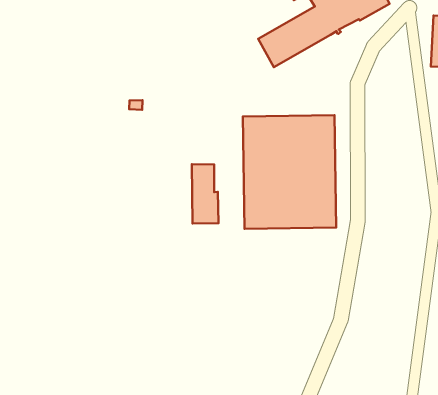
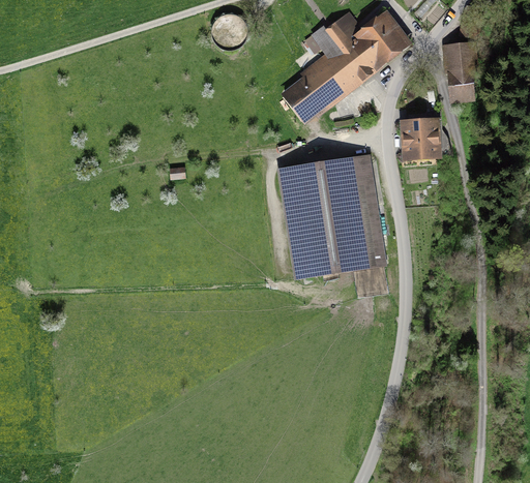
building: none -> [405,109,449,157]
building: [192,164,218,223] -> none

